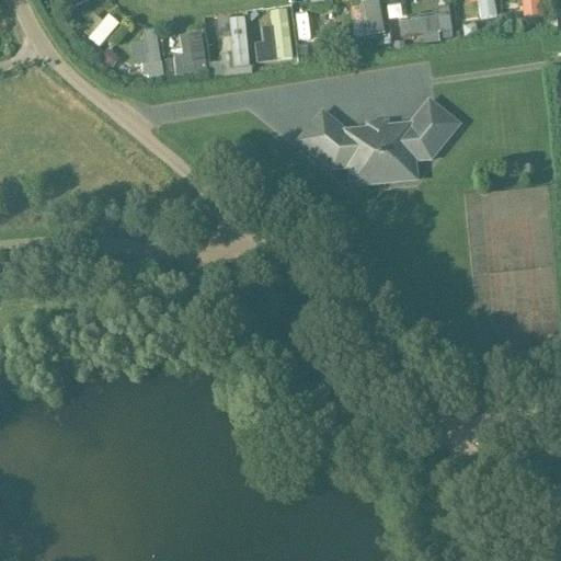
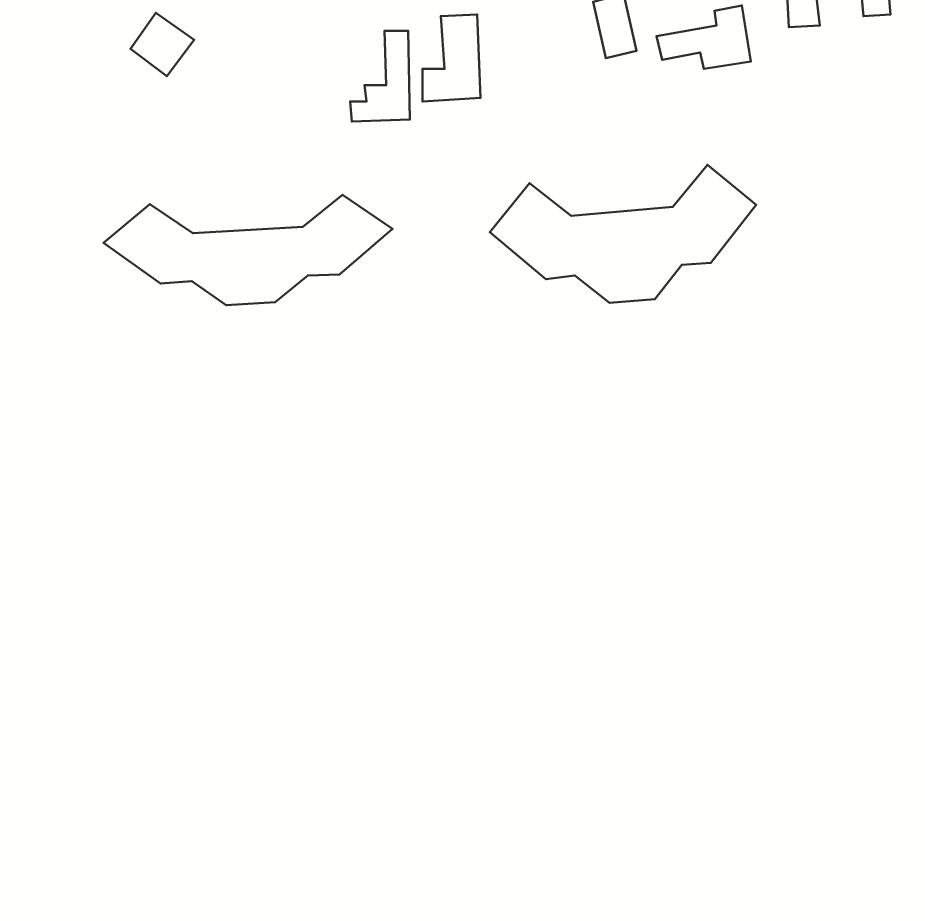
building: [133,28,161,75] -> none
building: [175,31,206,70] -> none
building: none -> [103,195,392,305]

